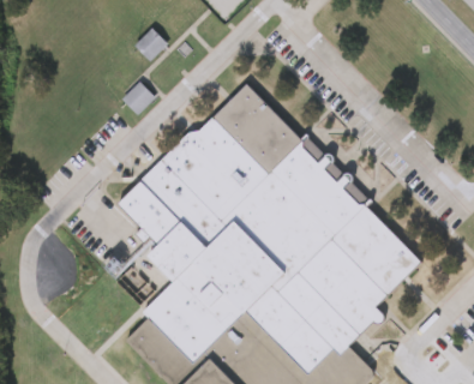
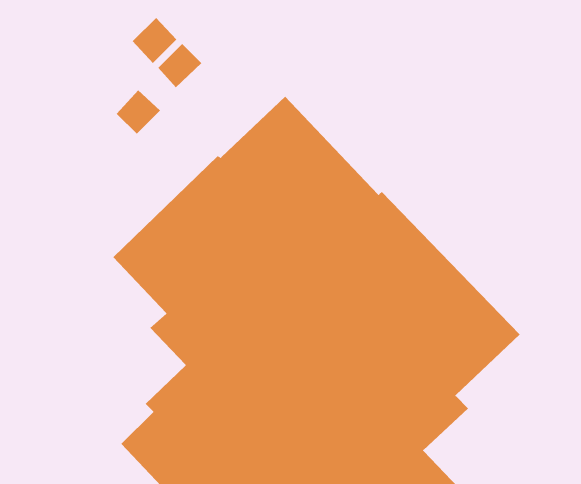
building: none -> [158,43,202,88]

